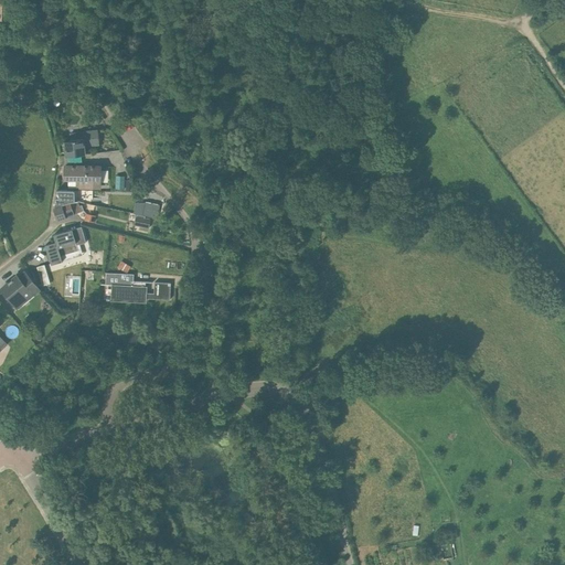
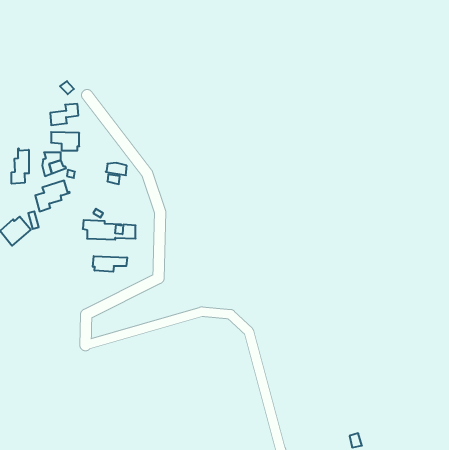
building: none -> [12,148,29,184]
building: none -> [93,256,127,272]

